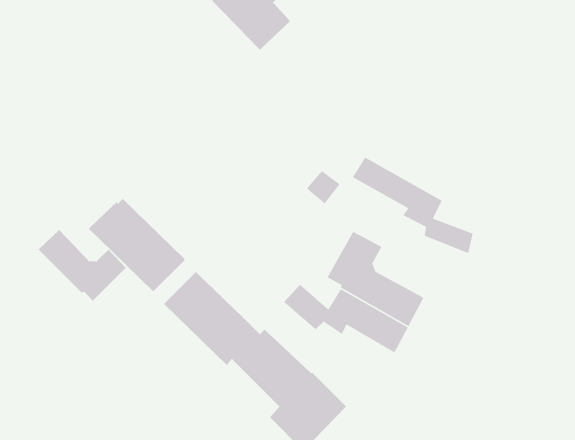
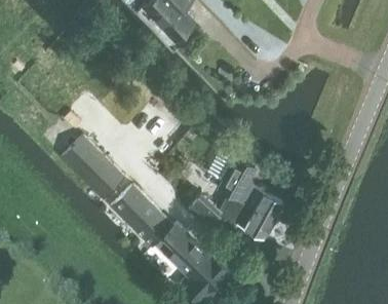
building: [352,156,473,254] -> none
building: [38,229,127,301] -> none

